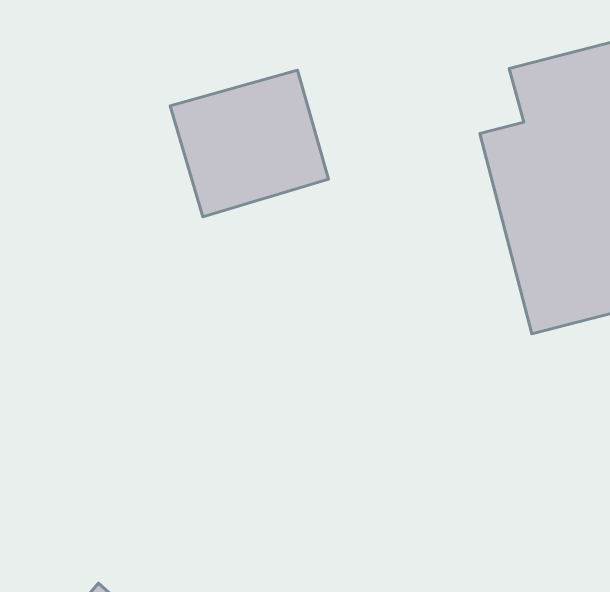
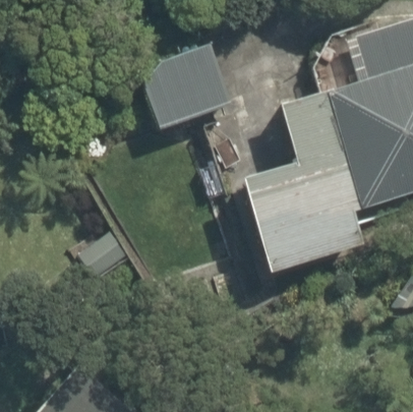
building: none -> [230,149,355,264]

